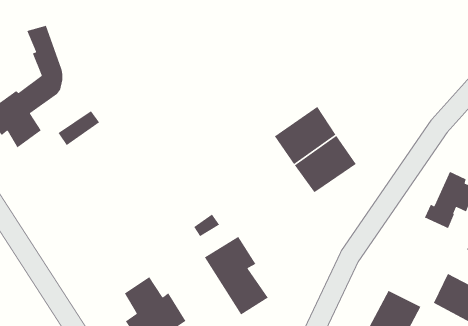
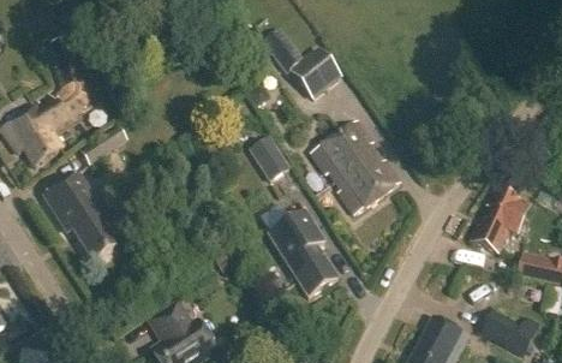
building: none -> [277,41,341,97]
building: none -> [251,136,289,179]
building: none -> [43,172,125,262]
building: [204,236,269,316] -> [269,210,339,296]

